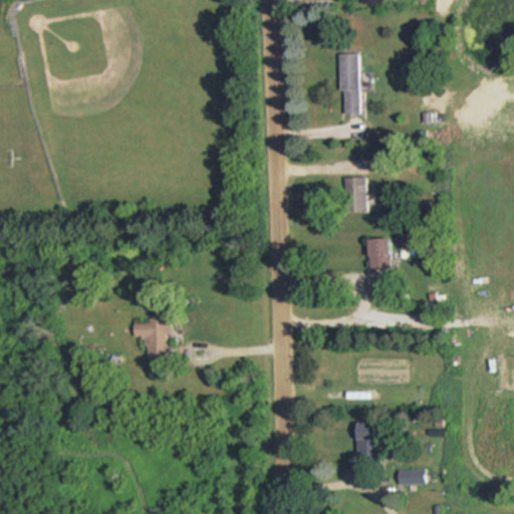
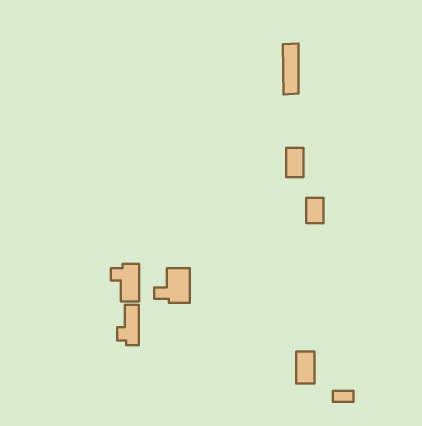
building: none -> [154,268,190,303]
building: none -> [117,305,139,345]

